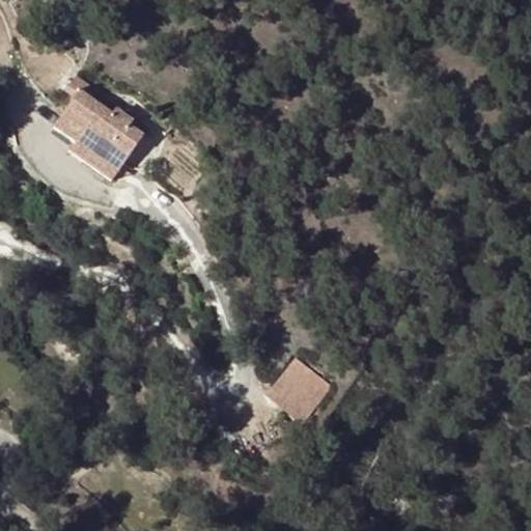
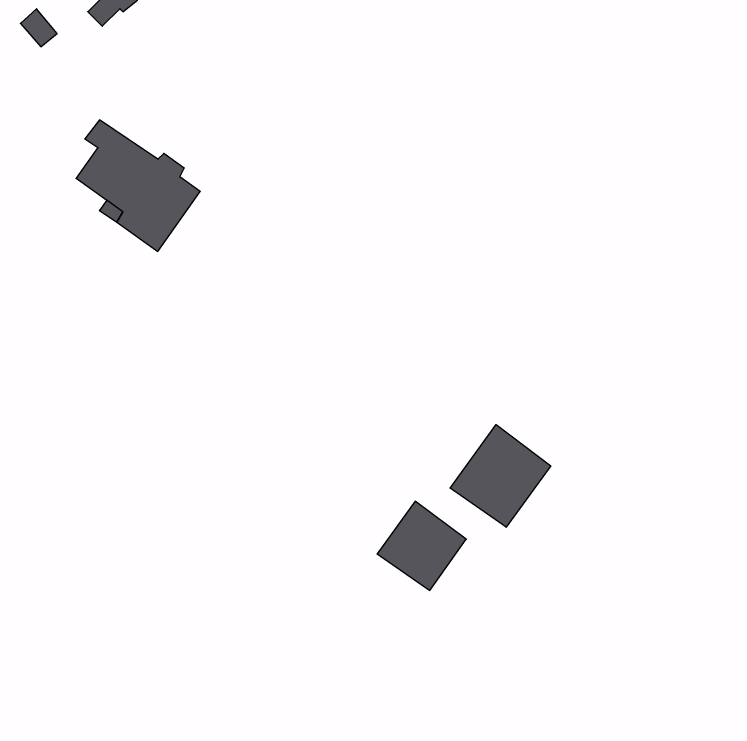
building: none -> [450,425,551,527]

